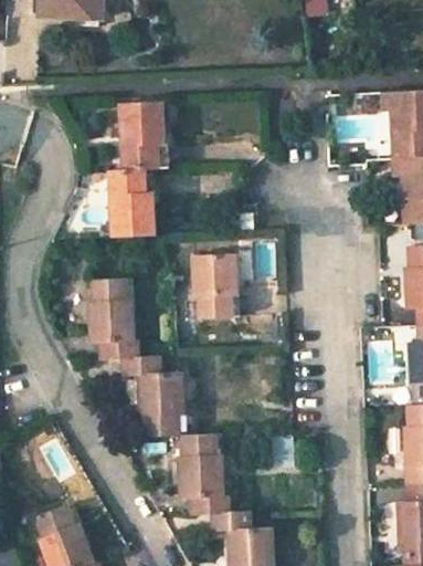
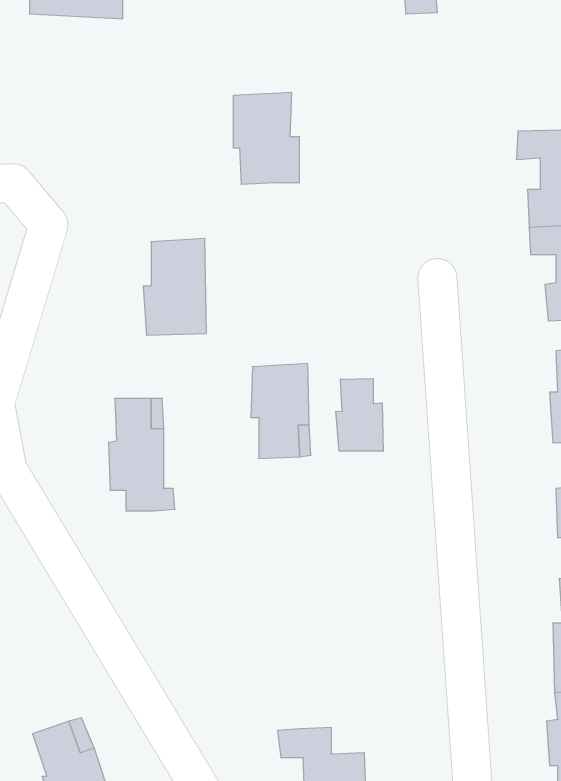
building: [129,106,176,170] -> [233,92,300,184]
building: none -> [336,379,383,451]
building: [124,357,183,438] -> none
building: [180,434,226,514] -> none

